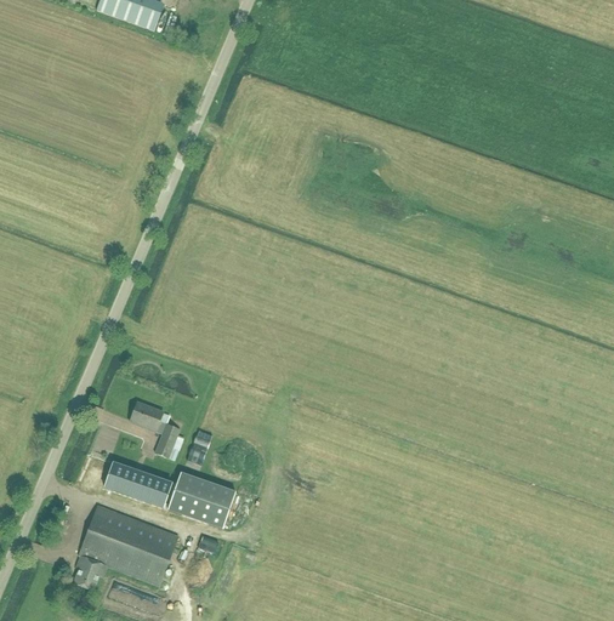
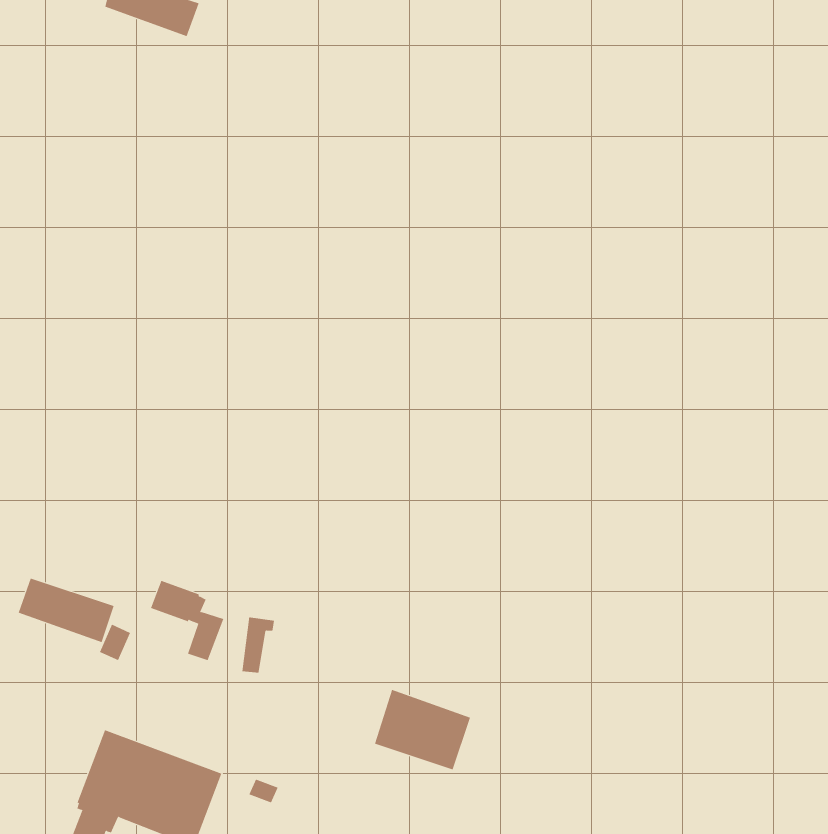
building: [104,462,171,507] -> [18,578,114,643]
building: [167,472,234,528] -> [374,689,471,770]

